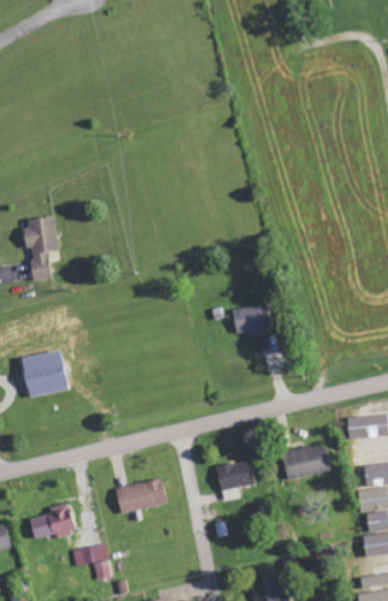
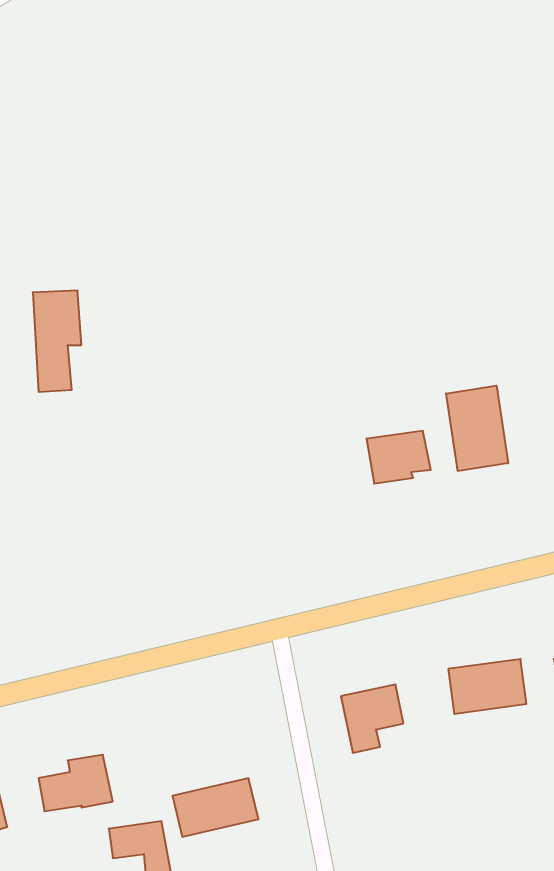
building: none -> [446,386,508,471]
building: [22,349,68,397] -> none
building: [115,477,168,513] -> [172,778,258,837]

